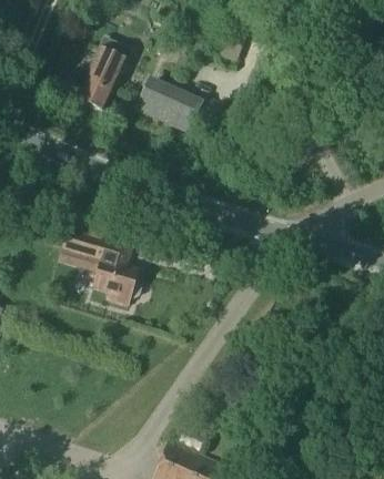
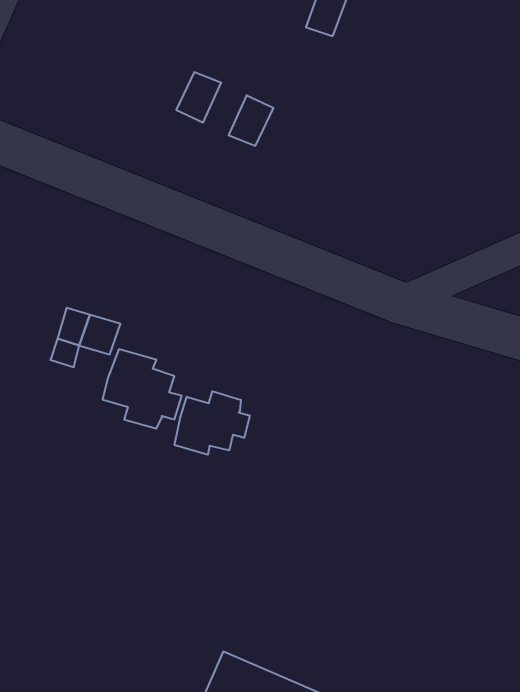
building: [77,49,127,112] -> none
building: none -> [175,391,250,455]

